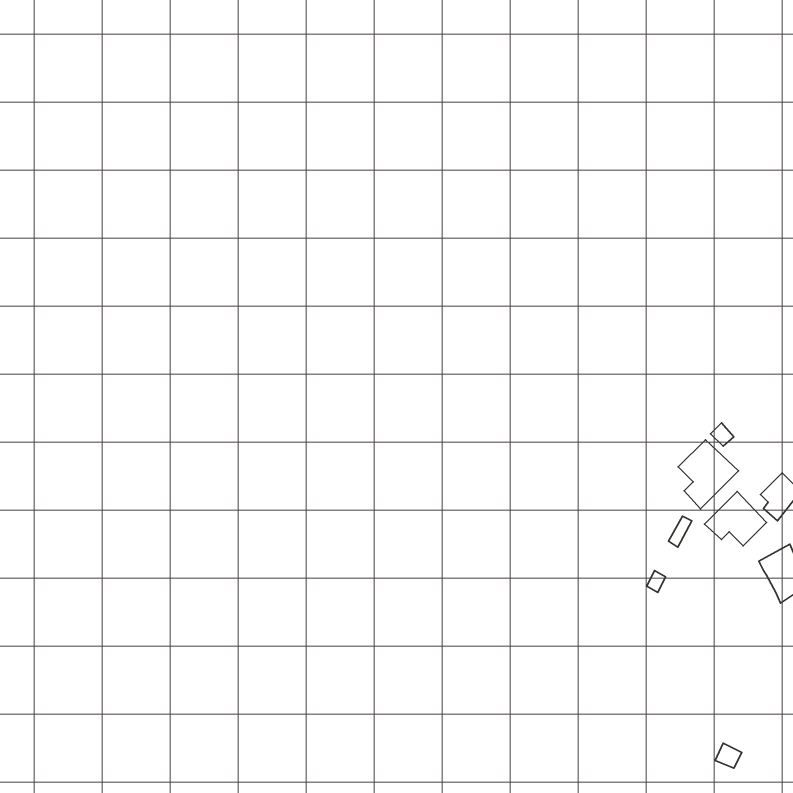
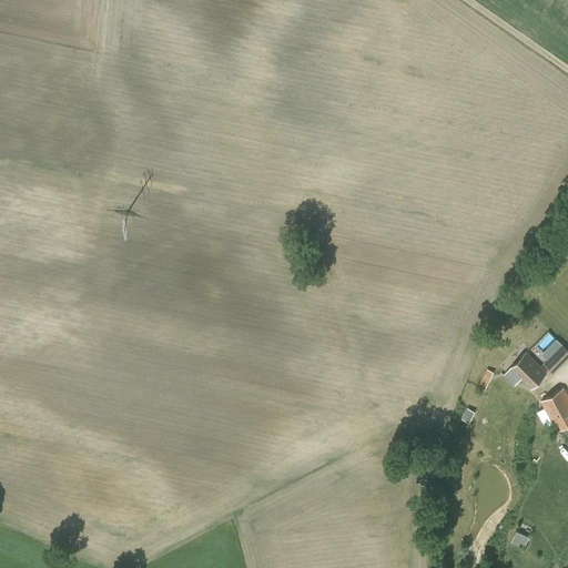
building: [678,440,738,509] -> none

